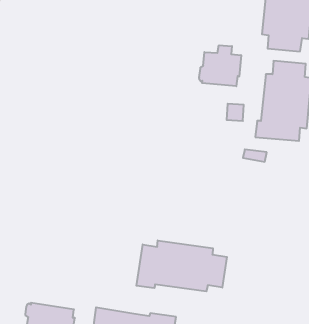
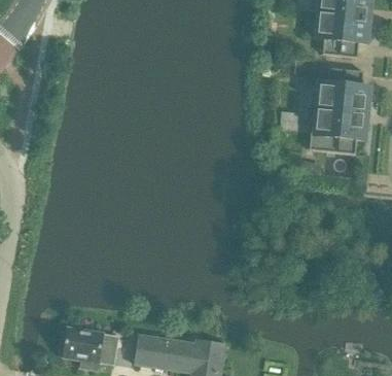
building: [199,45,241,86] -> none
building: [136,240,227,291] -> none

